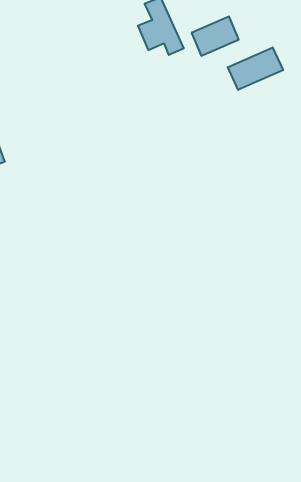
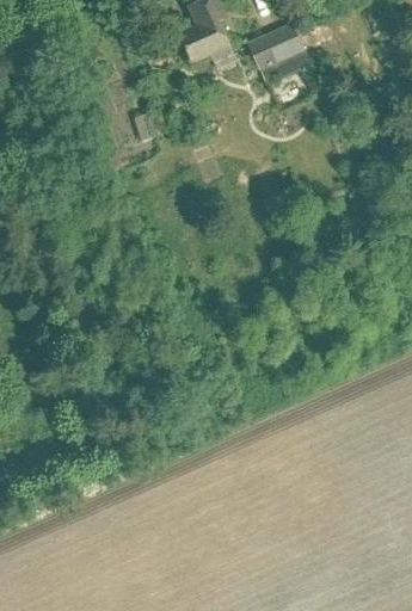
building: [228,47,283,90] -> none

